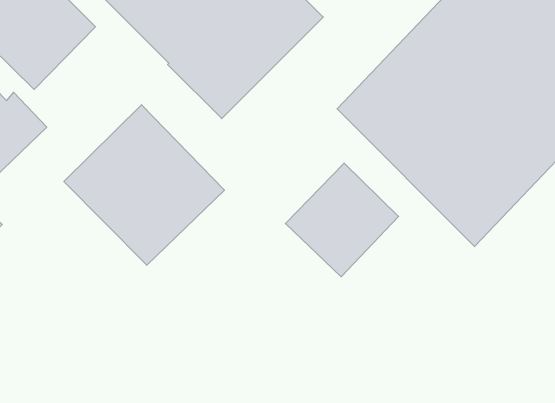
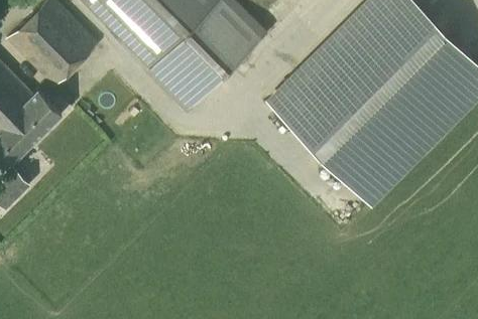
building: [64,105,224,265] -> none
building: [285,163,399,277] -> none

